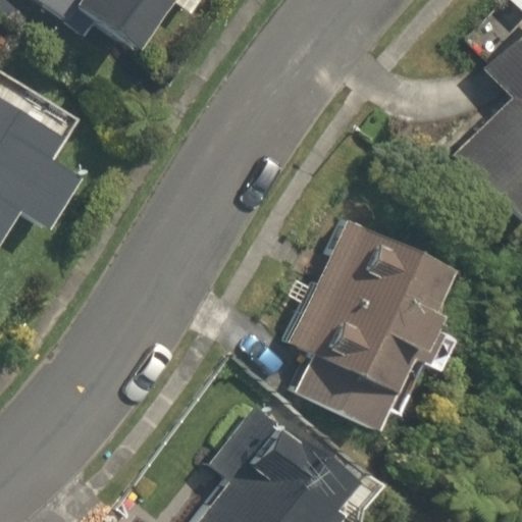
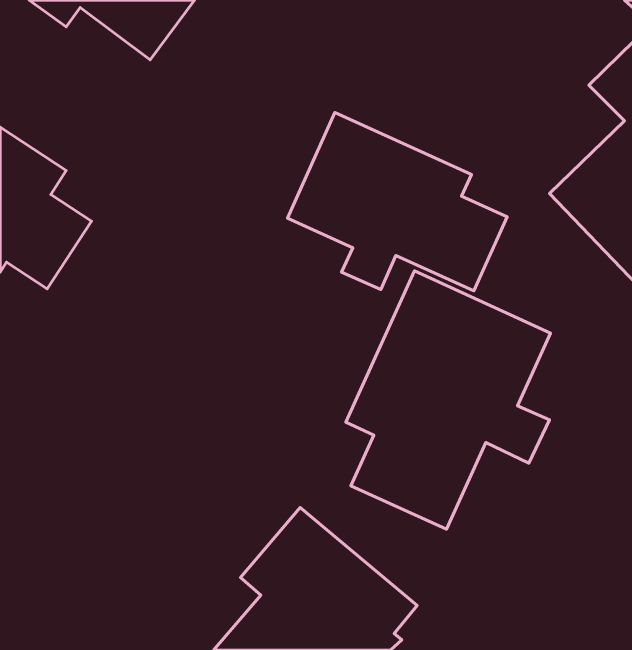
building: none -> [288,112,507,291]

